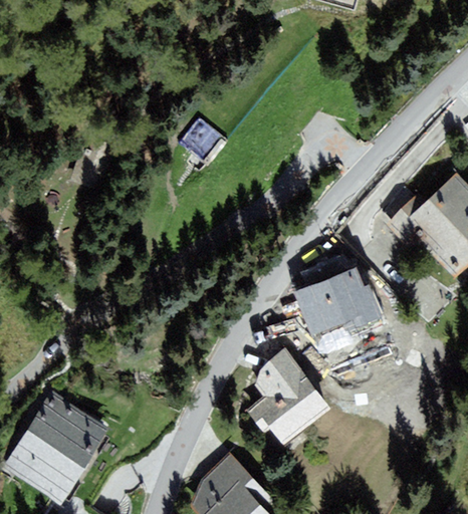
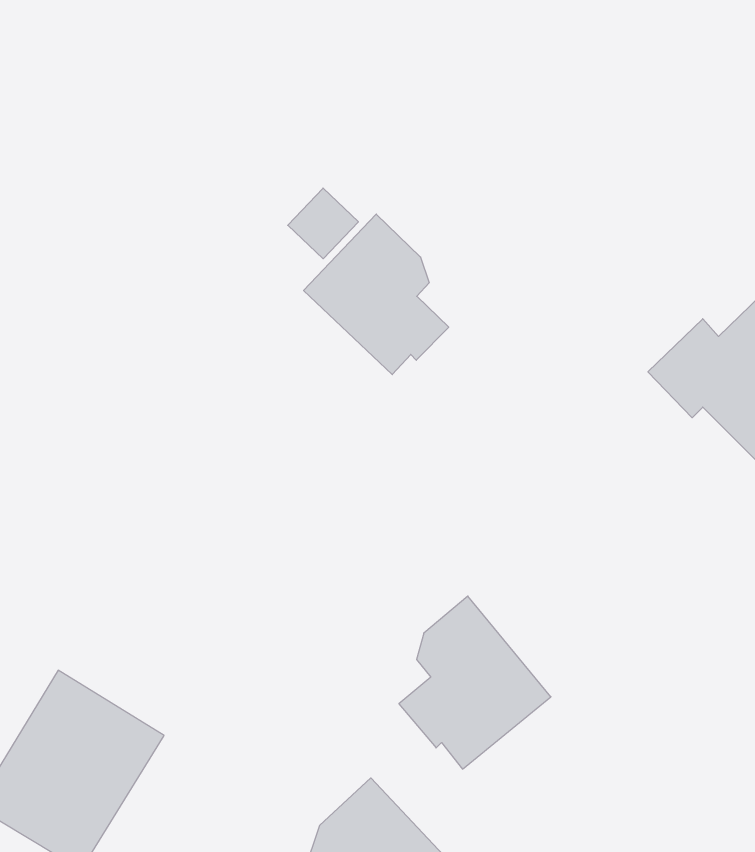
building: none -> [304,214,449,375]
building: [295,267,381,342] -> none

